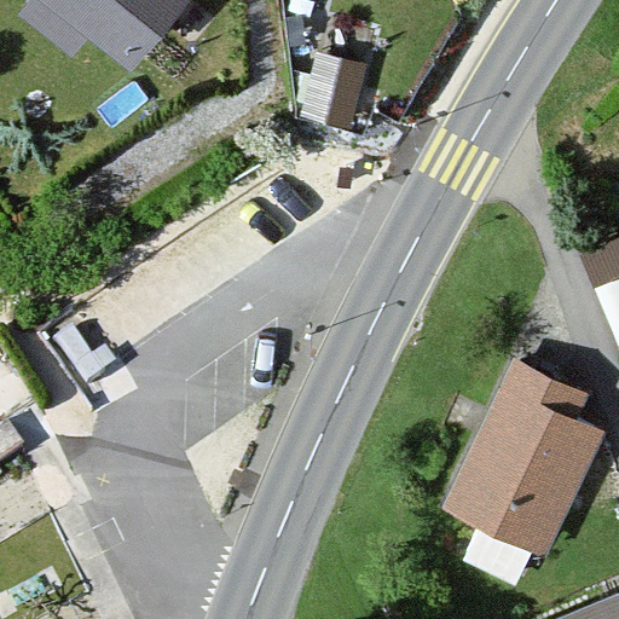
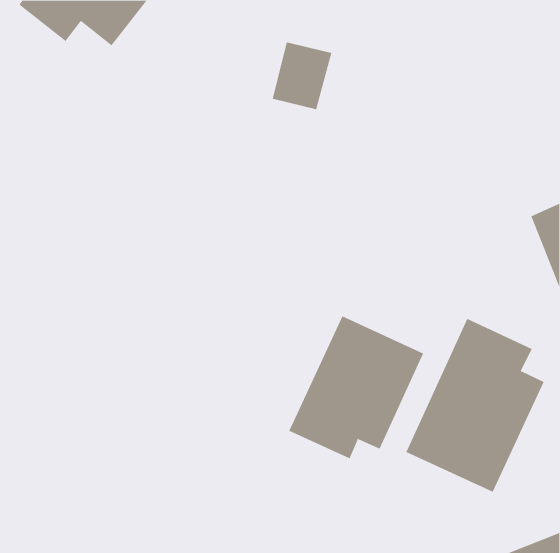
building: none -> [288,316,424,459]

